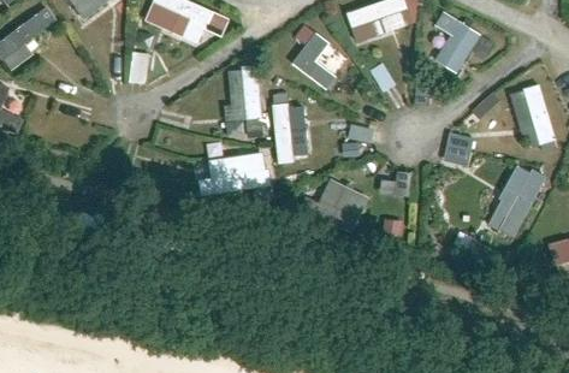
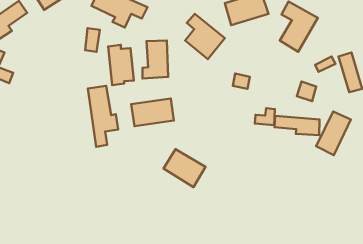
building: [275,103,314,164] -> [108,45,134,85]
building: none -> [88,86,118,147]
building: [302,176,364,232] -> [163,149,205,187]
building: none -> [274,116,320,135]

